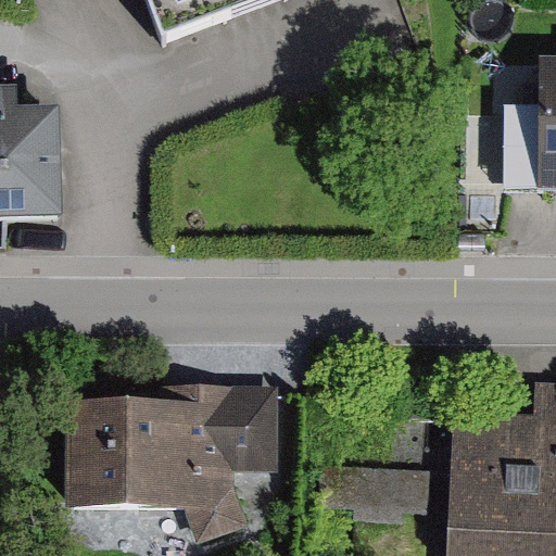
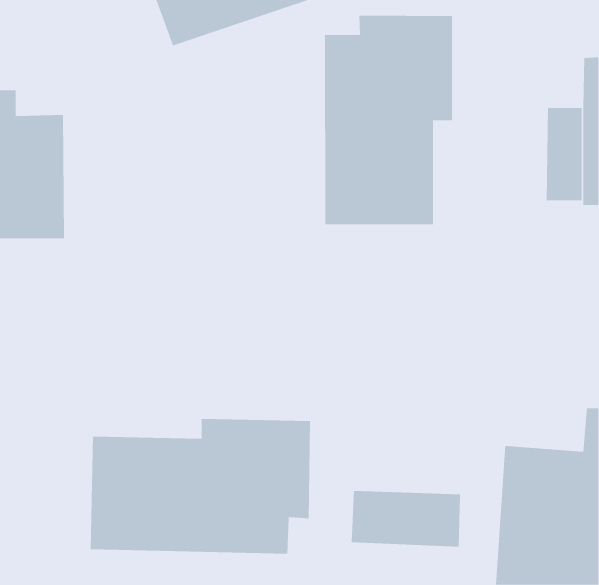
building: none -> [324,15,453,225]

